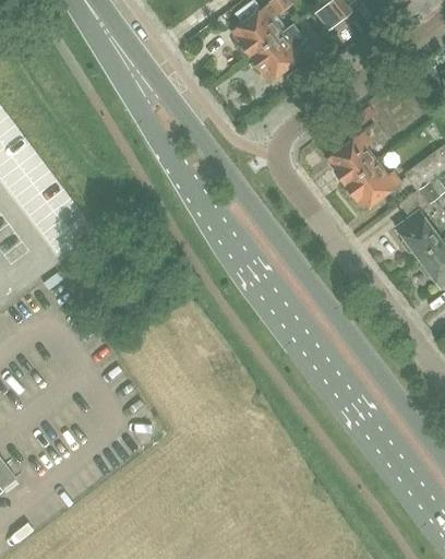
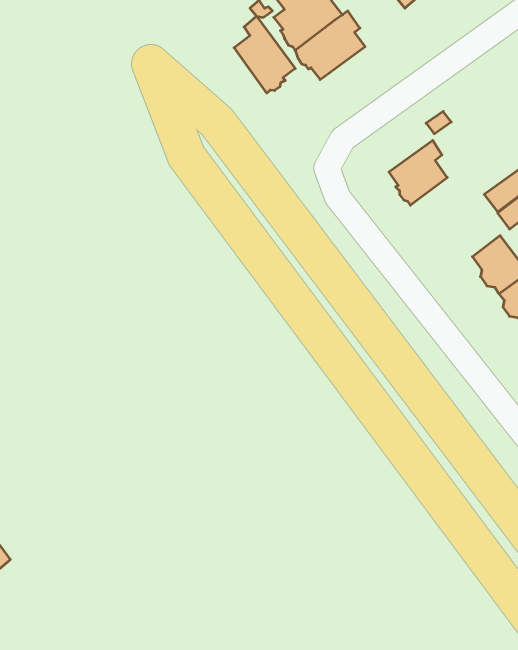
building: none -> [234,16,295,93]
building: [345,162,401,209] -> none

